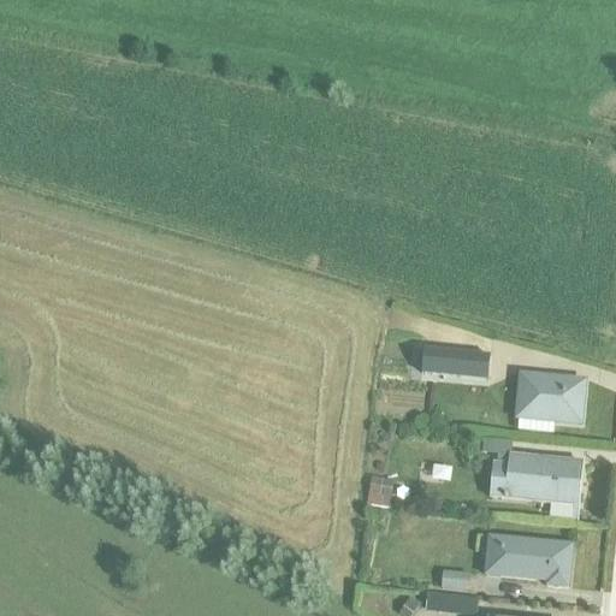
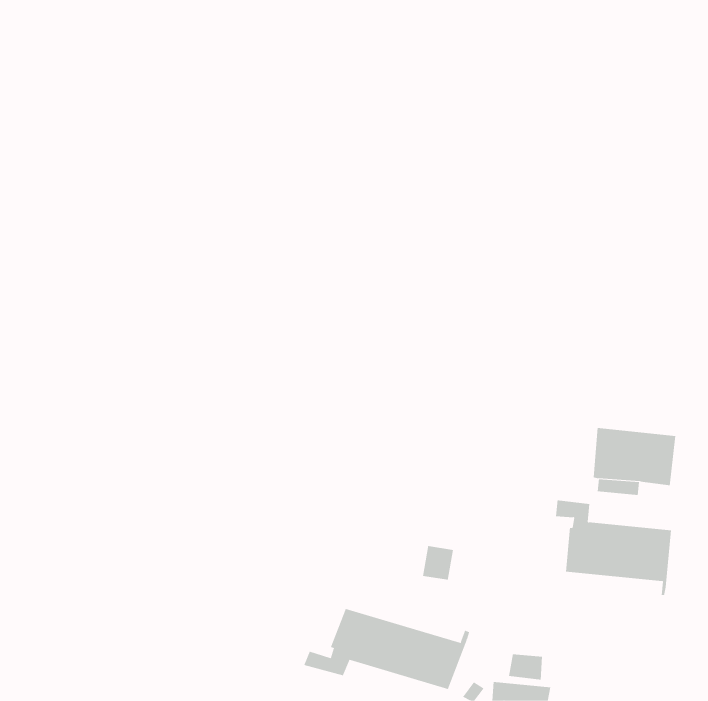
building: [422,344,490,375] -> none
building: none -> [303,608,470,690]
building: [484,533,573,585] -> none

